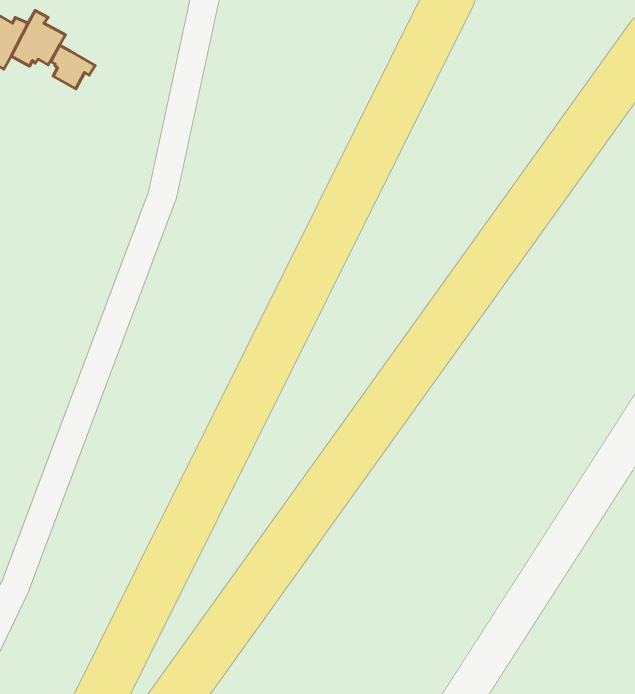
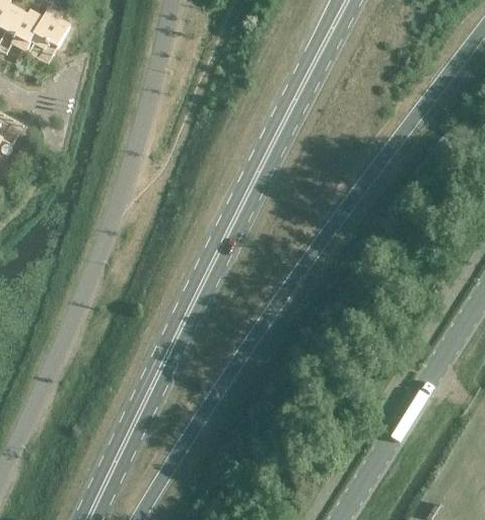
building: [51,45,95,89] -> none

